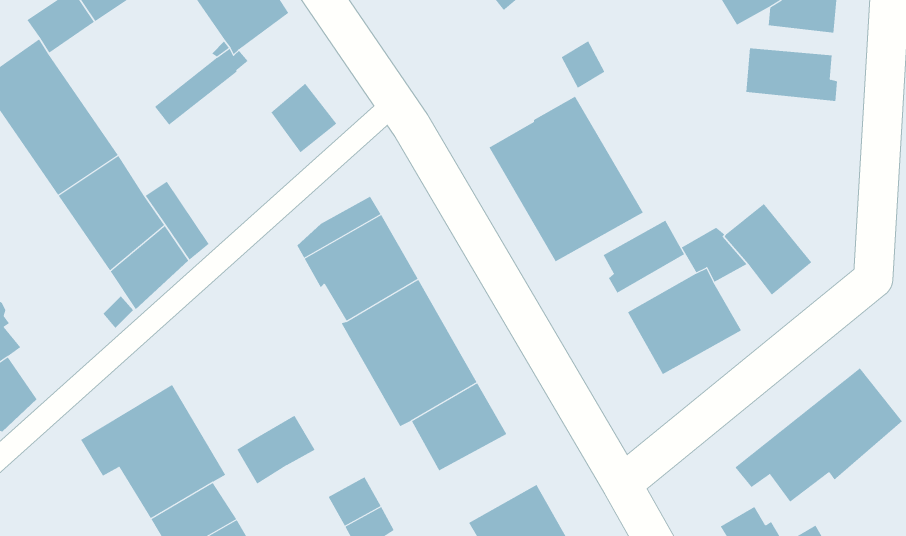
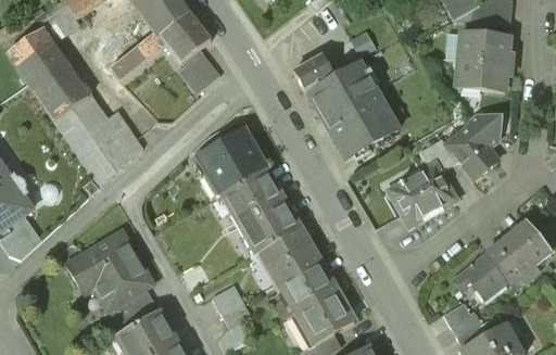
building: none -> [161,12,211,62]
building: none -> [295,55,333,91]
building: none -> [456,59,511,90]
building: none -> [468,113,503,148]
building: [603,220,685,294] -> none
building: [236,415,315,485] -> none
building: none -> [278,259,336,312]

